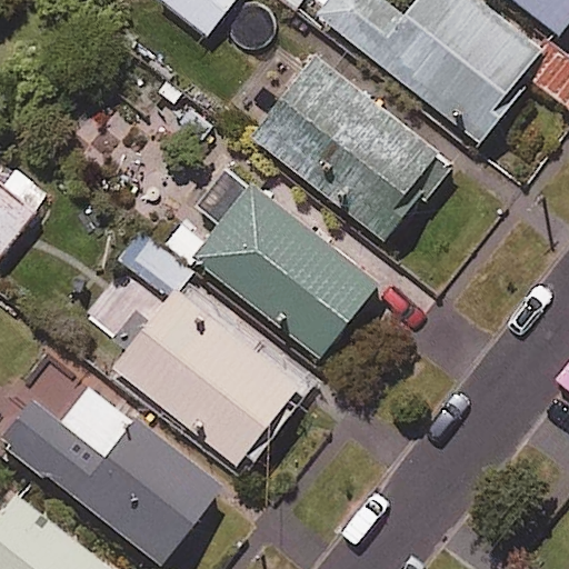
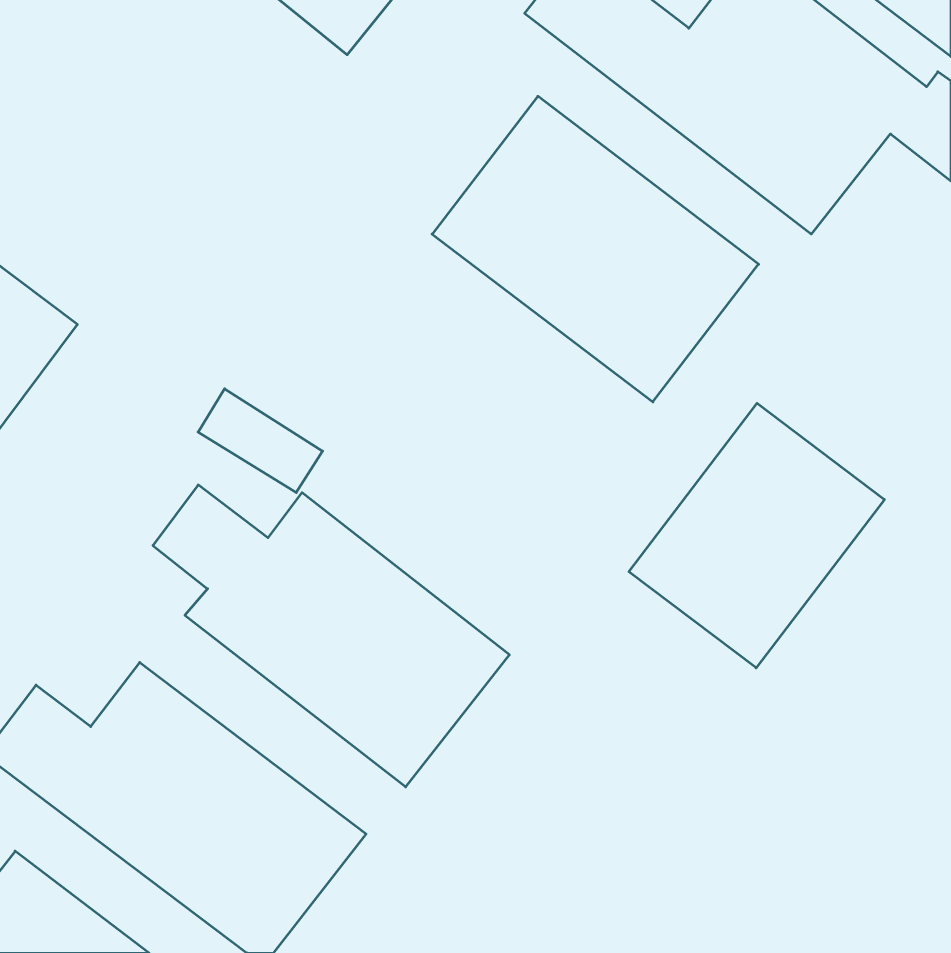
building: [160,181,380,358] -> none
building: none -> [629,403,884,668]

